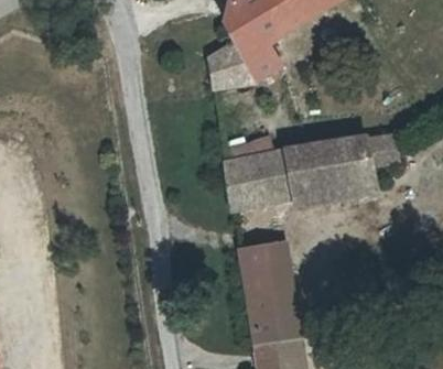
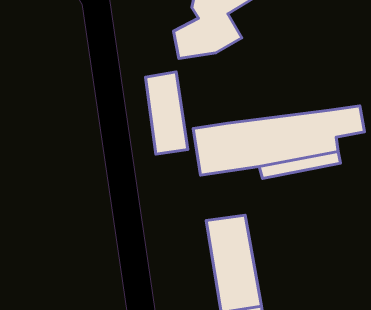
building: none -> [145,72,188,154]

